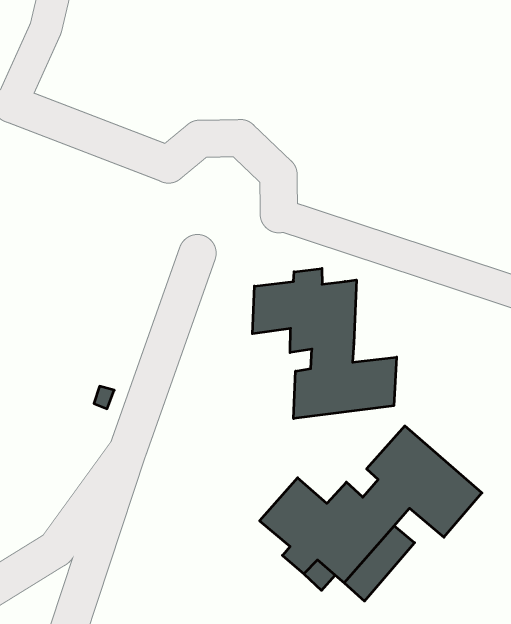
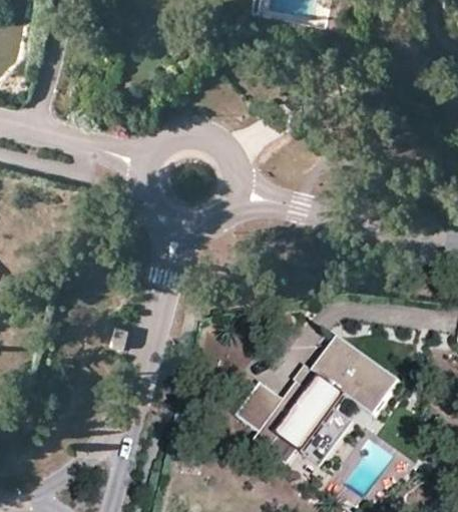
building: [252,268,397,419] -> none

